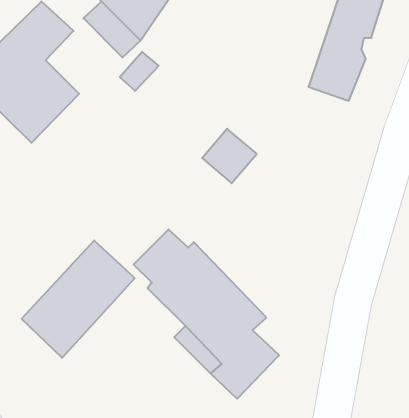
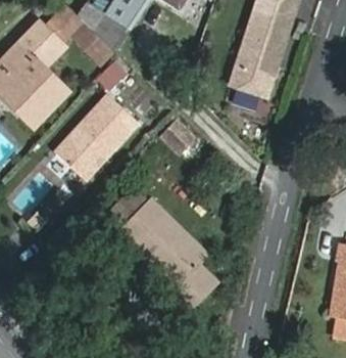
building: [22,240,135,358] -> [56,95,139,181]

